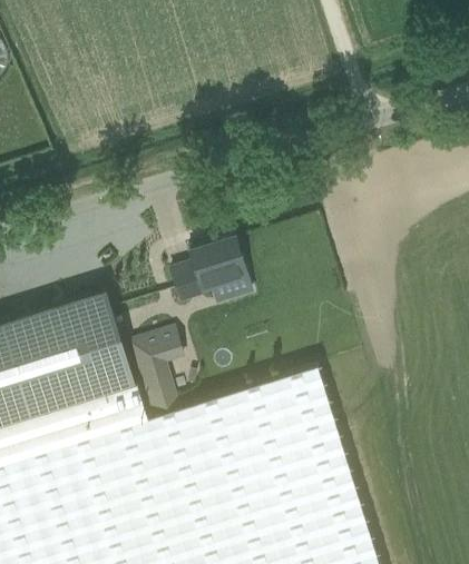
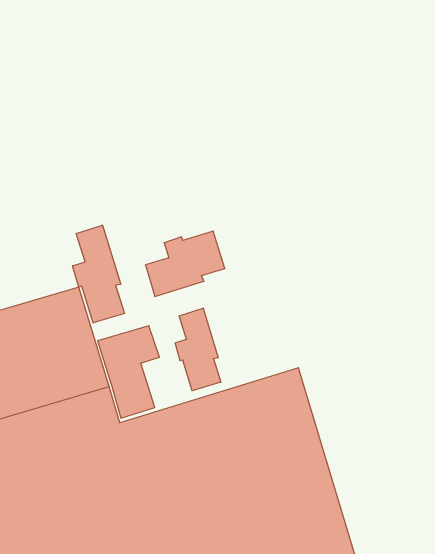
building: none -> [73,225,124,323]
building: none -> [175,308,221,391]

